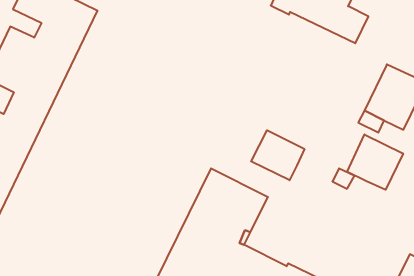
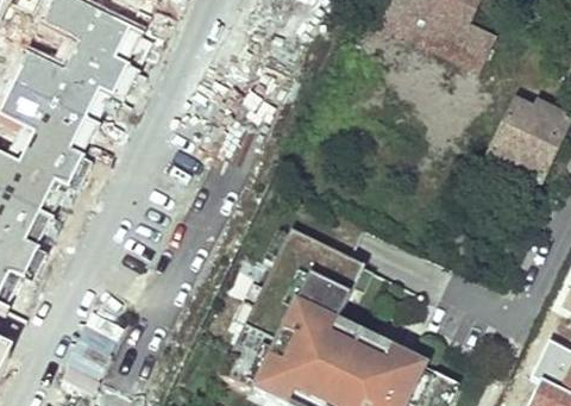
building: [251,130,304,180] -> none
building: [347,134,403,190] -> none

